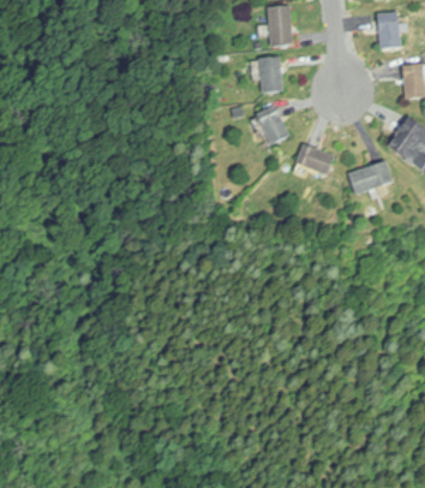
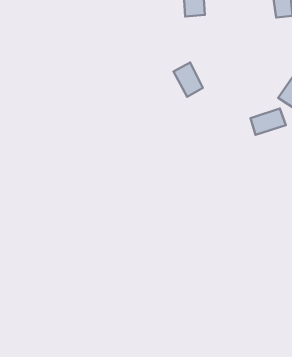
building: [258,55,283,93] -> none
building: [294,143,334,175] -> none

